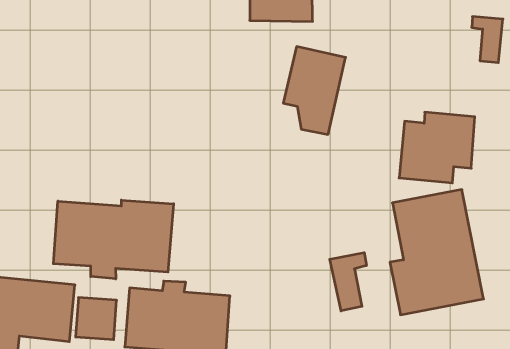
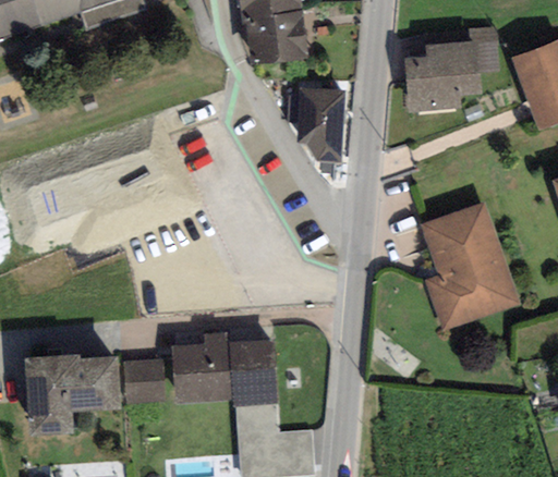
building: [399,112,475,183] -> [405,40,478,112]
building: [53,200,174,279] -> none
building: [330,253,366,311] -> none

